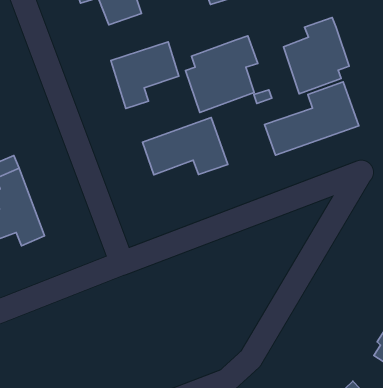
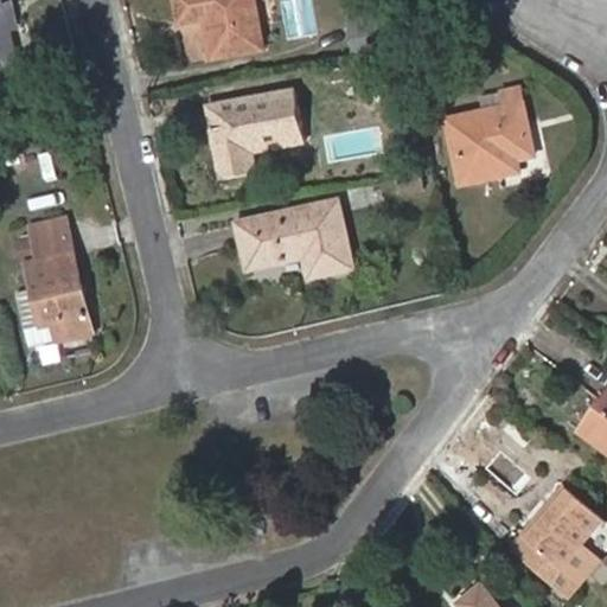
building: [186,36,258,112] -> none
building: [264,82,359,155] -> none

